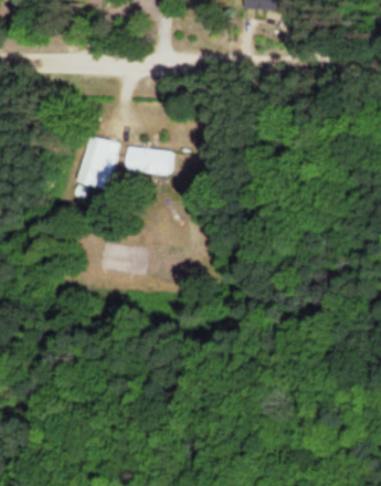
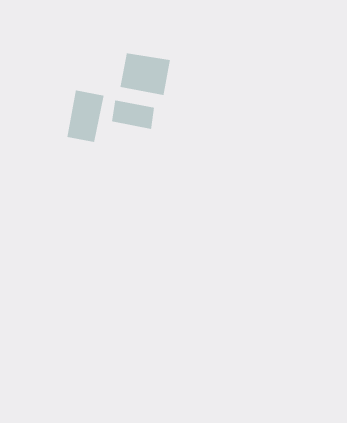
building: none -> [120,52,171,96]

